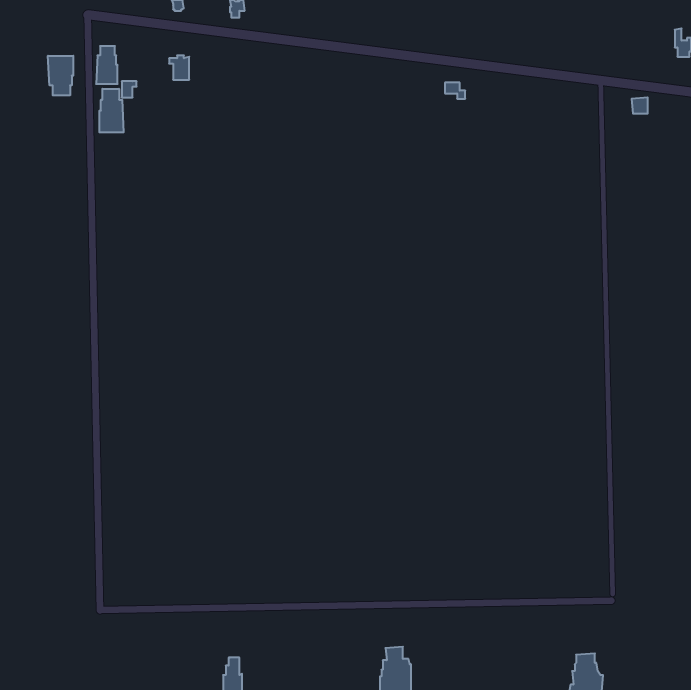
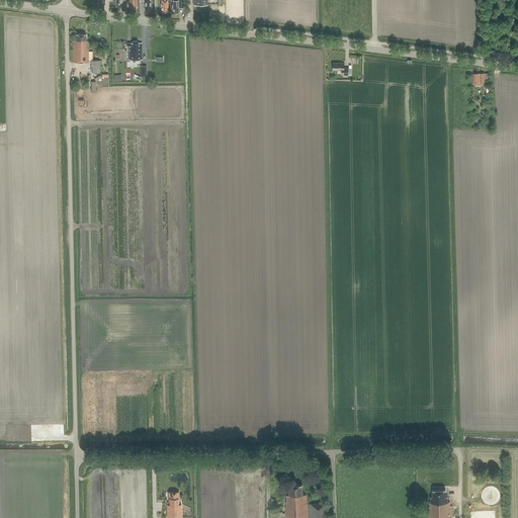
building: [48,56,73,95] -> none
building: [99,89,124,132] -> none

